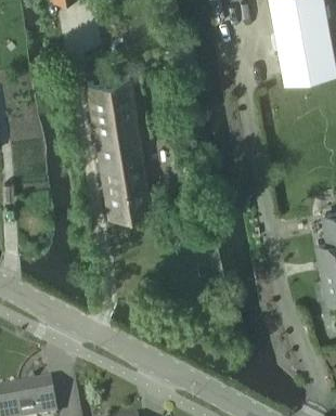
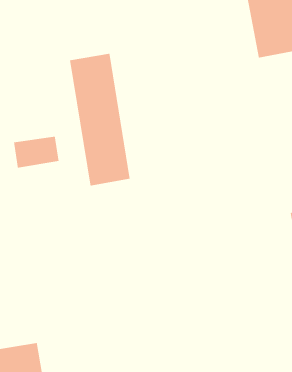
building: none -> [13,136,59,168]

